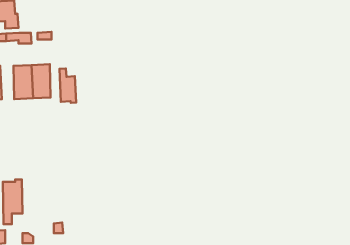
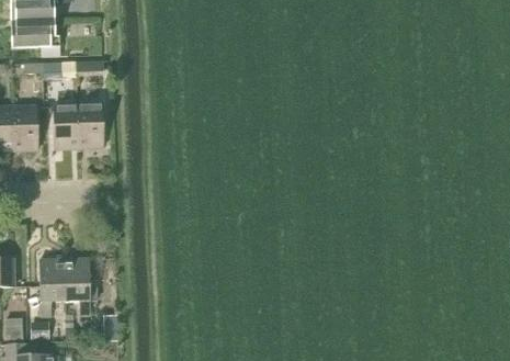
building: [59,68,76,103] -> none
building: none -> [65,255,98,315]

